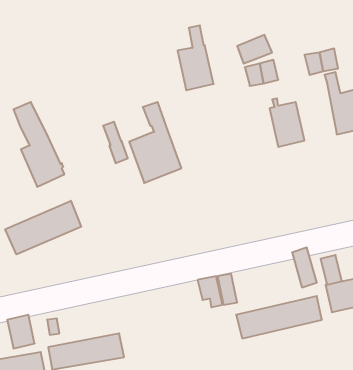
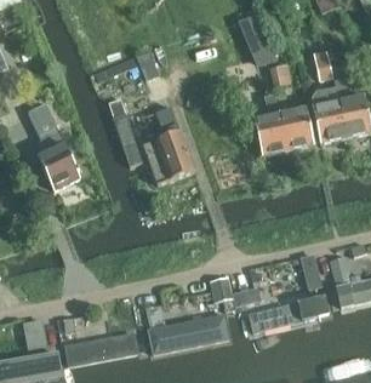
building: [178,25,214,90] -> [253,92,289,155]
building: none -> [310,86,346,142]
building: [5,201,81,254] -> none
building: none -> [143,313,230,358]

